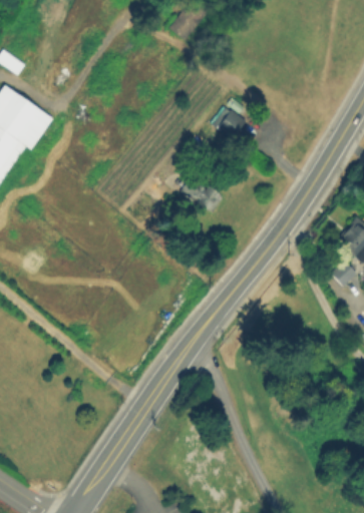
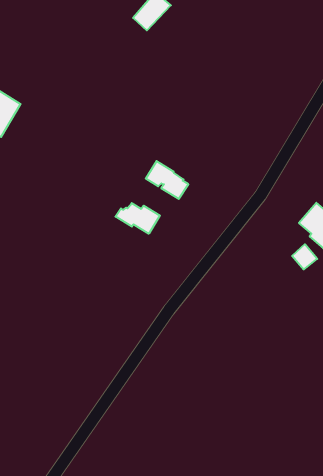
building: [213,107,246,140] -> none
building: none -> [115,203,160,234]

